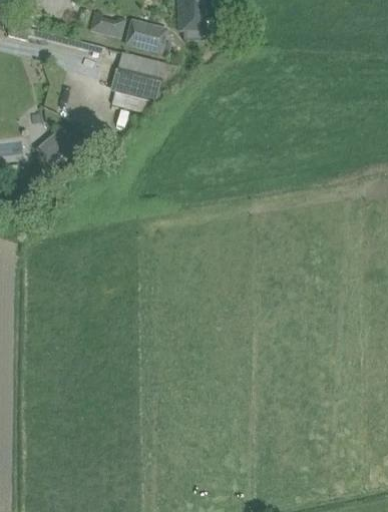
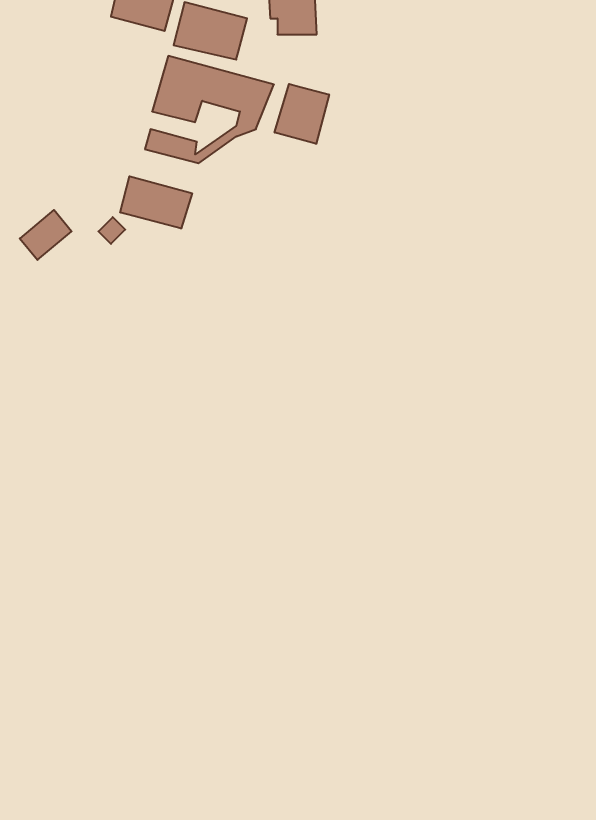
building: none -> [275,84,329,144]
building: none -> [120,176,192,229]

